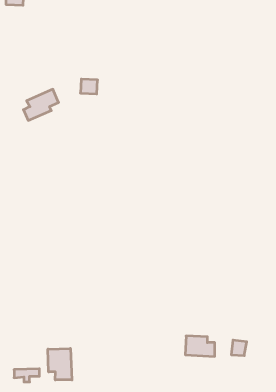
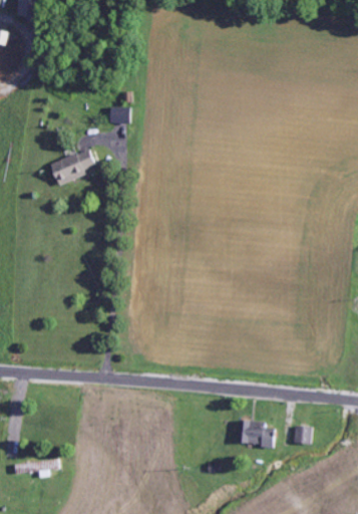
building: [23,89,59,120] -> [53,148,96,186]
building: [48,348,72,380] -> none

